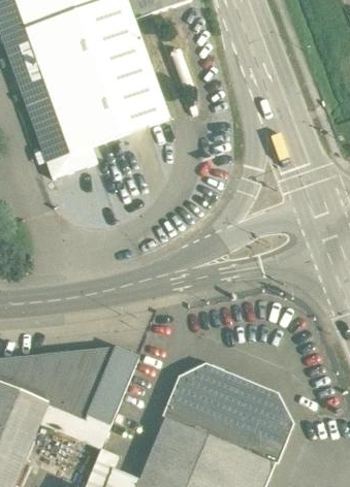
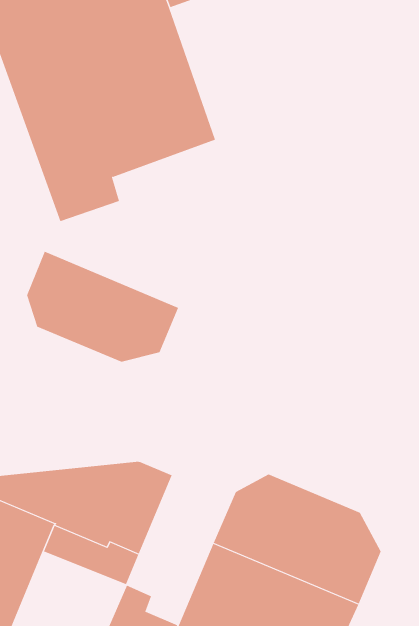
building: none -> [26,251,179,363]

